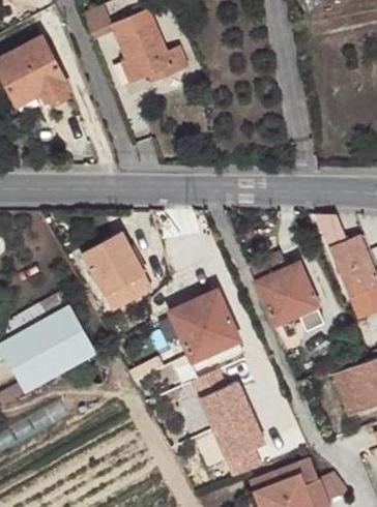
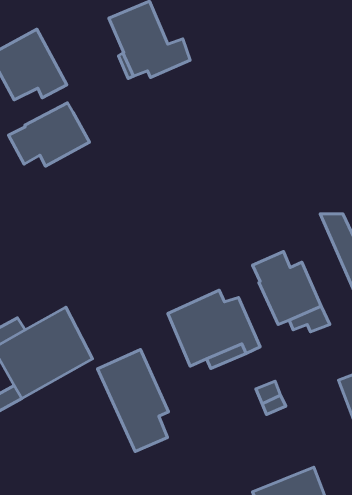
building: none -> [9,103,90,166]
building: [80,231,152,309] -> none
building: [196,377,264,475] -> [98,350,168,452]

